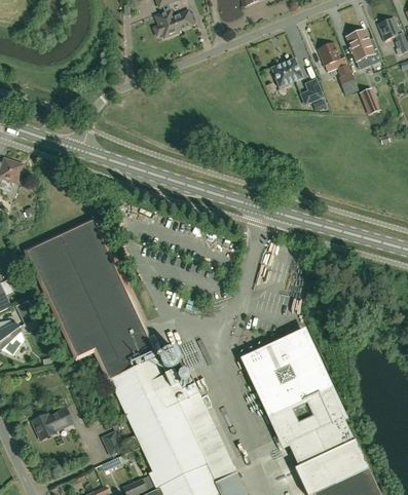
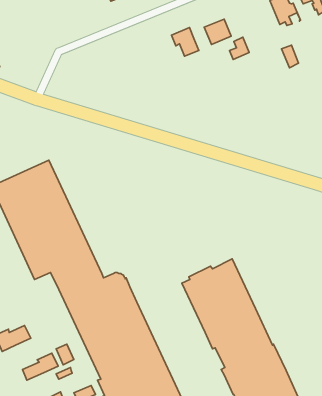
building: [317,42,349,76] -> none
building: none -> [172,28,199,56]
building: none -> [22,353,58,380]

